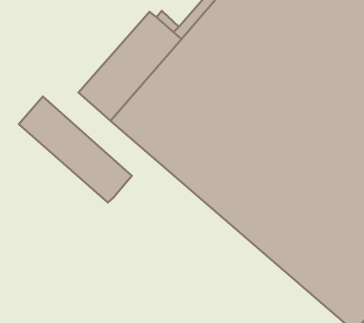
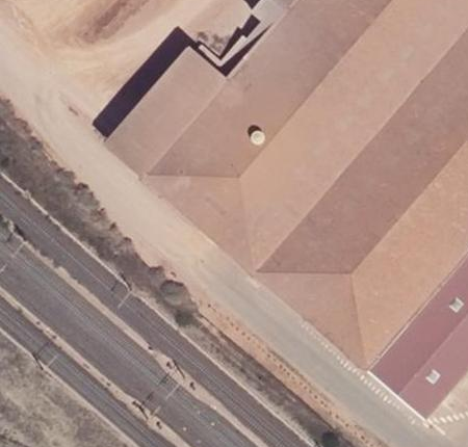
building: [19,97,132,203] -> none

